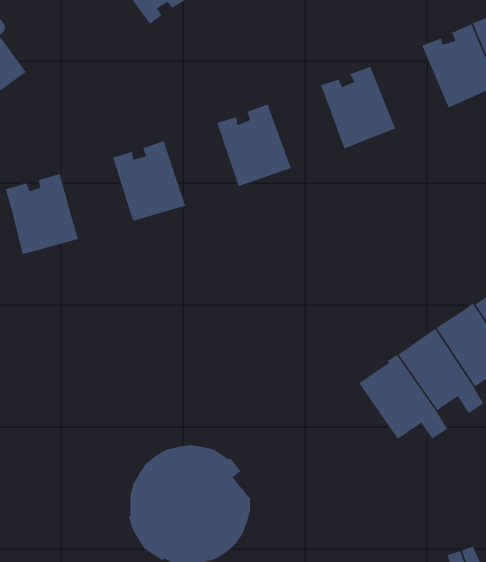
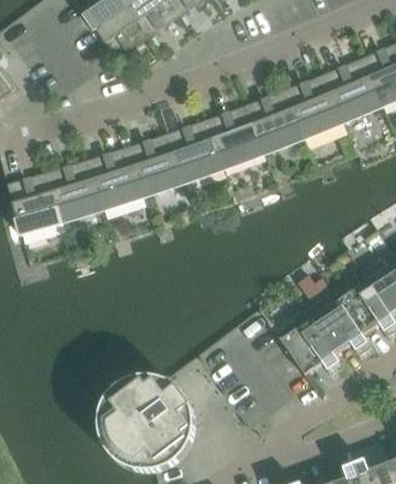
building: none -> [284,74,343,138]
building: none -> [206,104,264,168]
building: none -> [127,133,184,197]
building: none -> [48,160,103,222]

